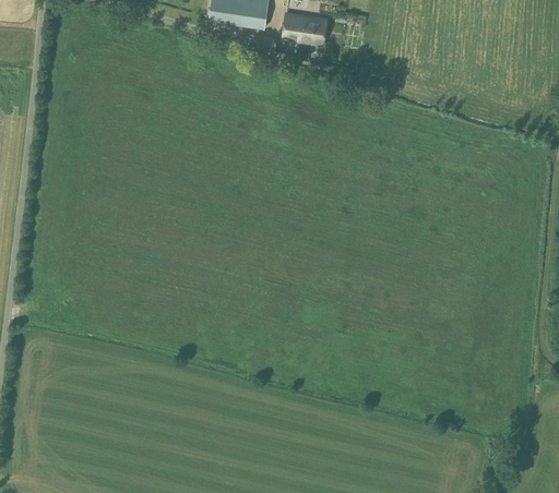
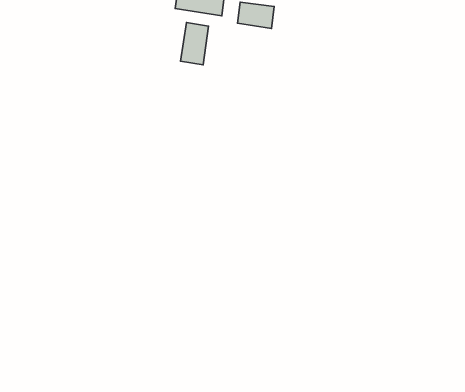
building: none -> [181,23,208,65]

